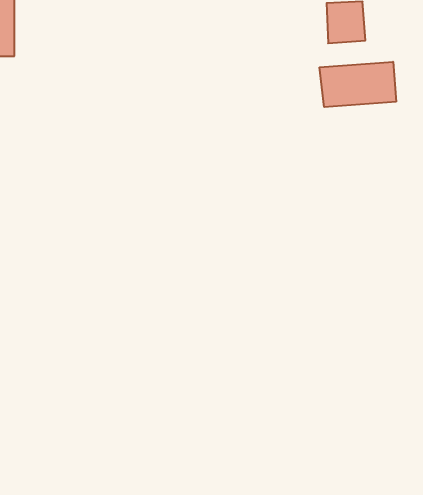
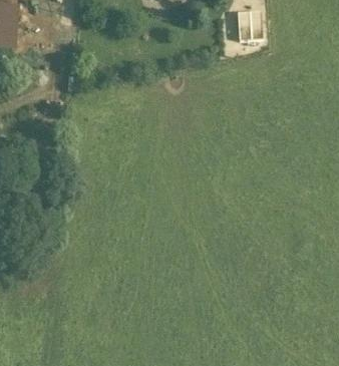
building: [320,62,396,107] -> none

